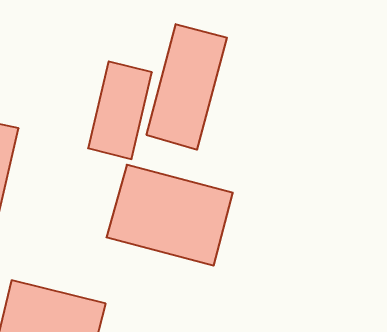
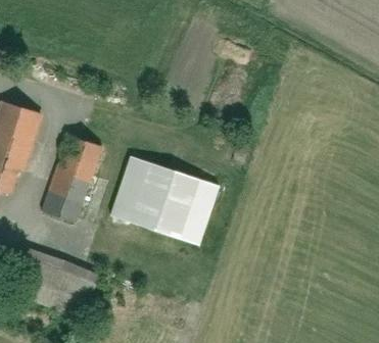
building: [147,24,227,150] -> none
building: [88,61,152,159] -> [42,137,102,223]

